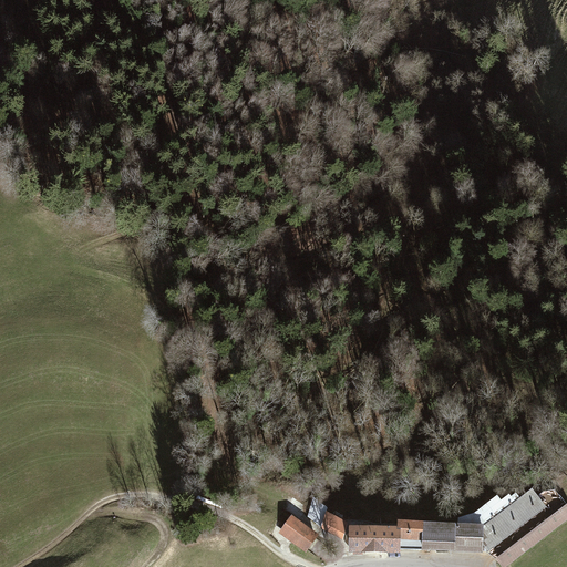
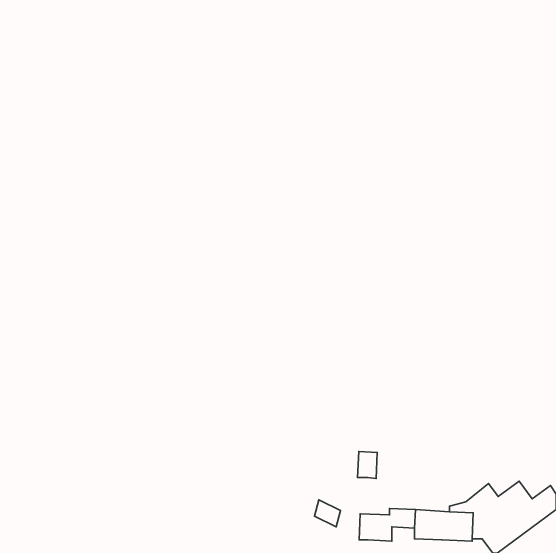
building: [278,514,318,551] -> none
building: [347,523,367,550] -> [358,451,377,479]

